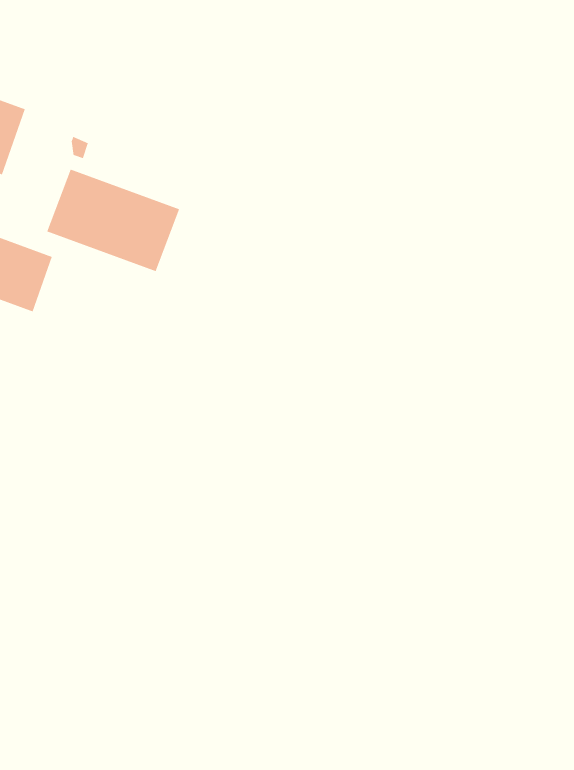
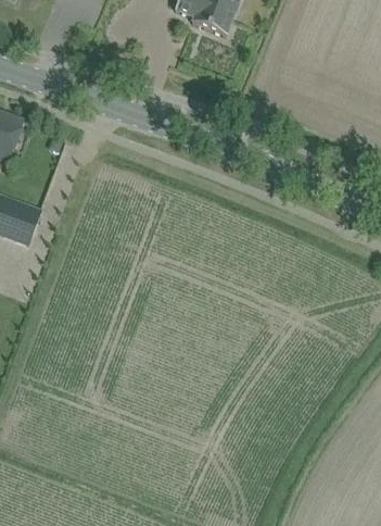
building: [46,168,180,272] -> none

